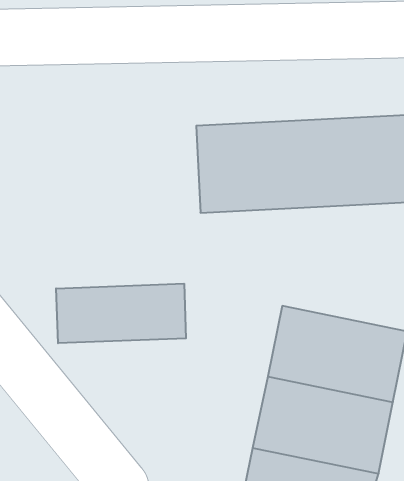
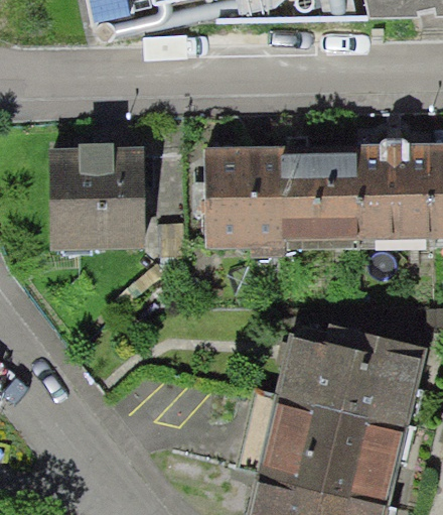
building: none -> [48,163,147,247]
building: [56,284,186,343] -> none

